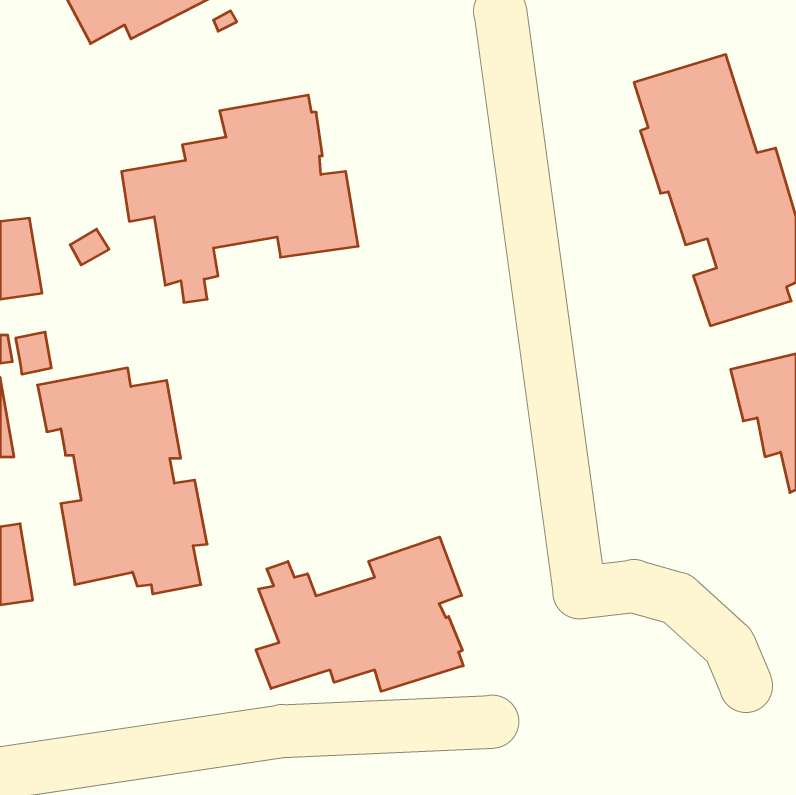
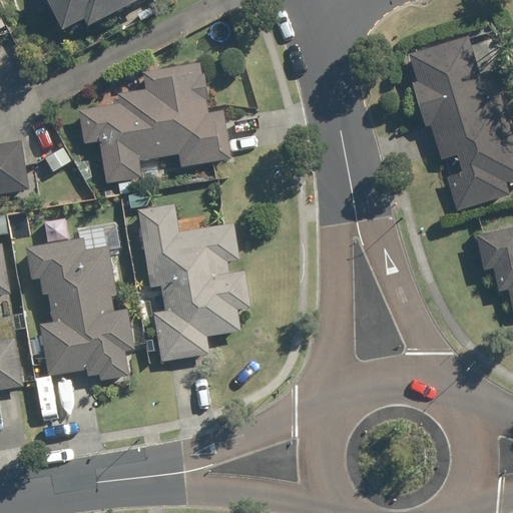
building: none -> [137,204,249,361]
building: [256,537,463,691] -> none

